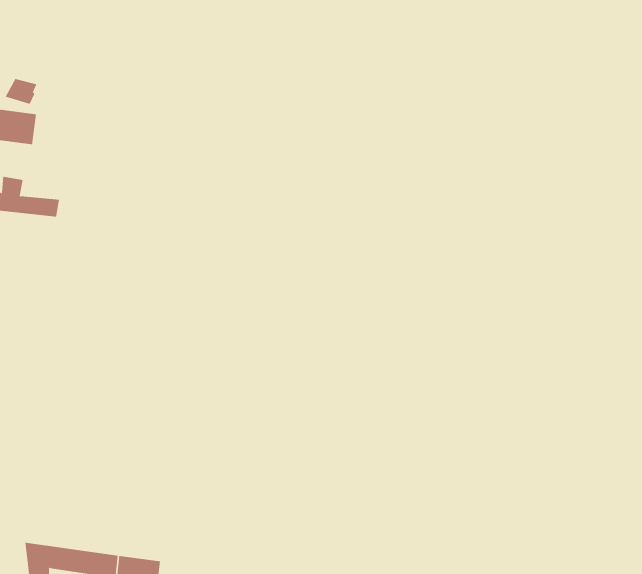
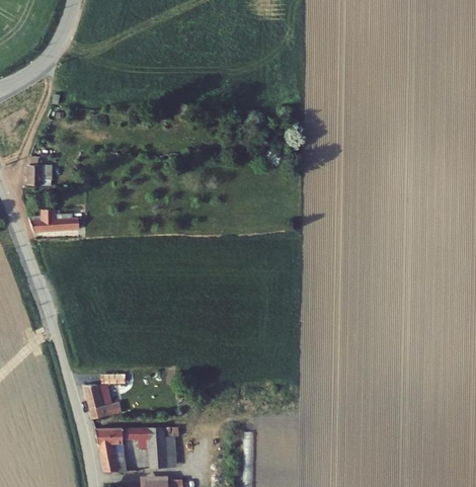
building: none -> [83,385,122,419]

